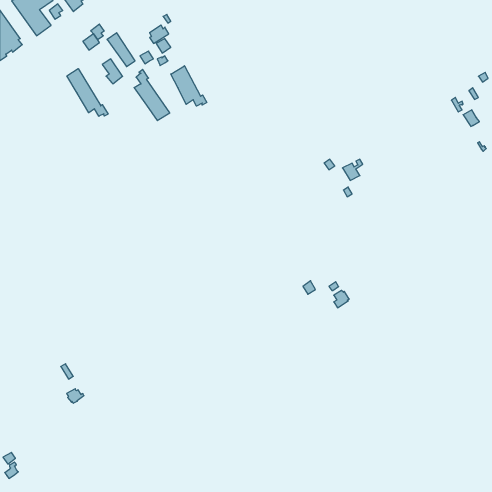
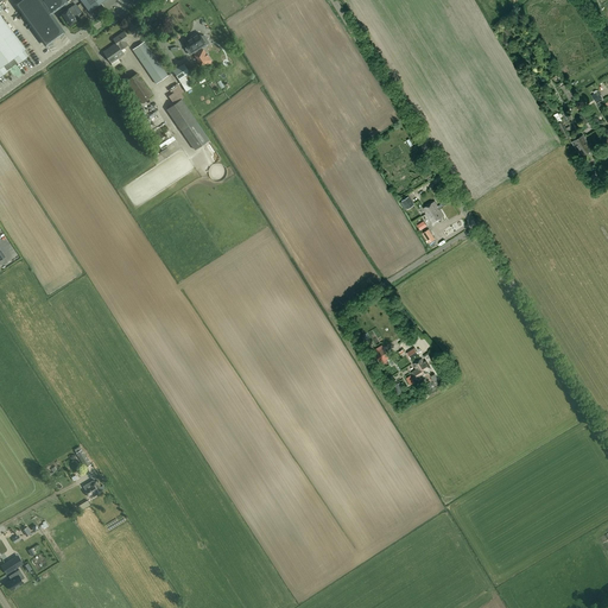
building: [171,66,207,106] -> none
building: [67,69,108,116] -> none

